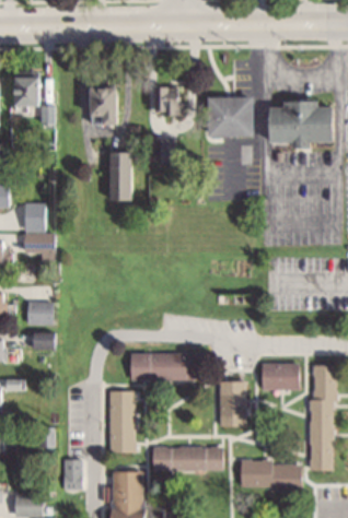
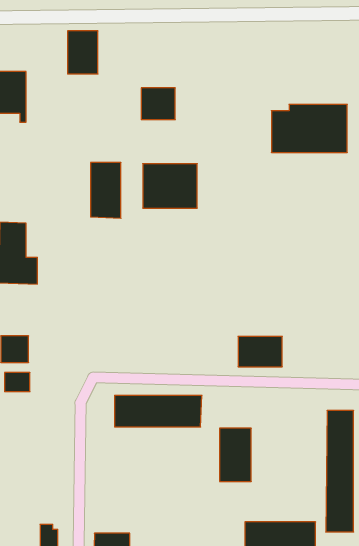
building: [84,85,111,122] -> [68,31,98,74]
building: [204,96,251,134] -> [143,164,197,208]
building: [260,363,299,389] -> [238,336,282,367]
building: [107,390,135,452] -> none
building: [150,447,223,470] -> none

